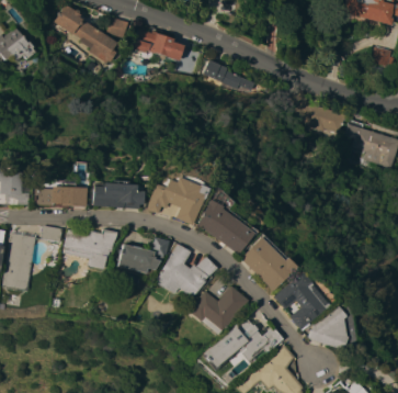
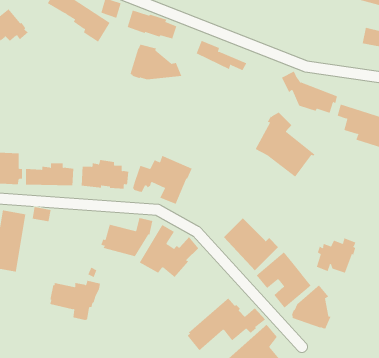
building: none -> [130,44,182,80]
building: [191,189,251,255] -> [255,112,315,178]
building: [64,228,115,269] -> [49,280,101,321]
building: none -> [316,238,356,273]
building: [183,285,242,334] -> none

